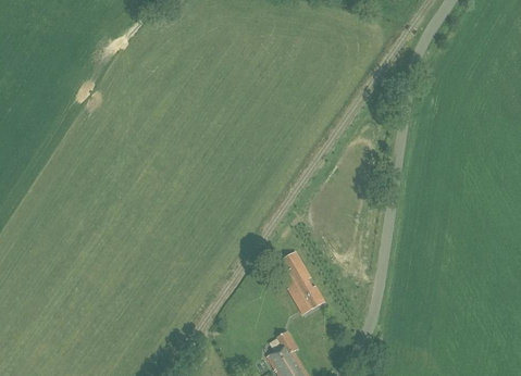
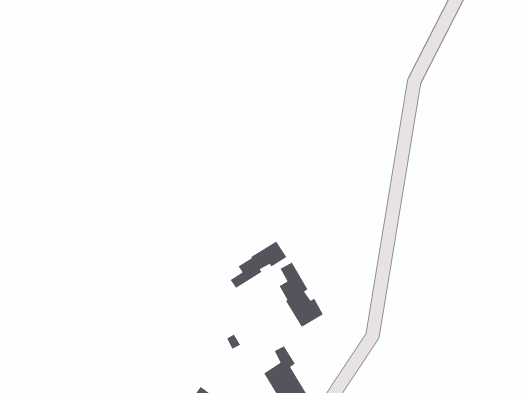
building: none -> [230,241,287,289]

